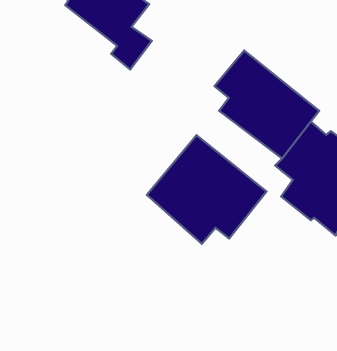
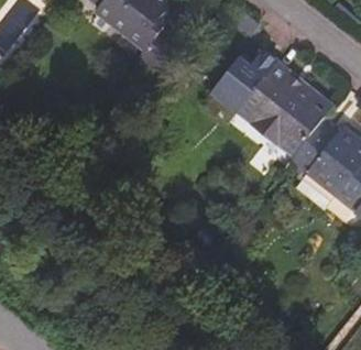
building: [147,135,266,244] -> none

